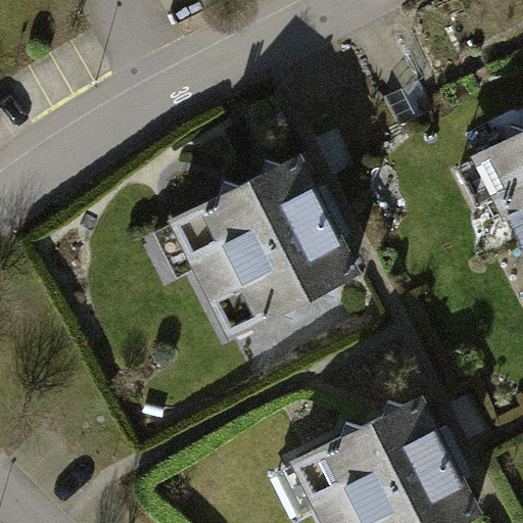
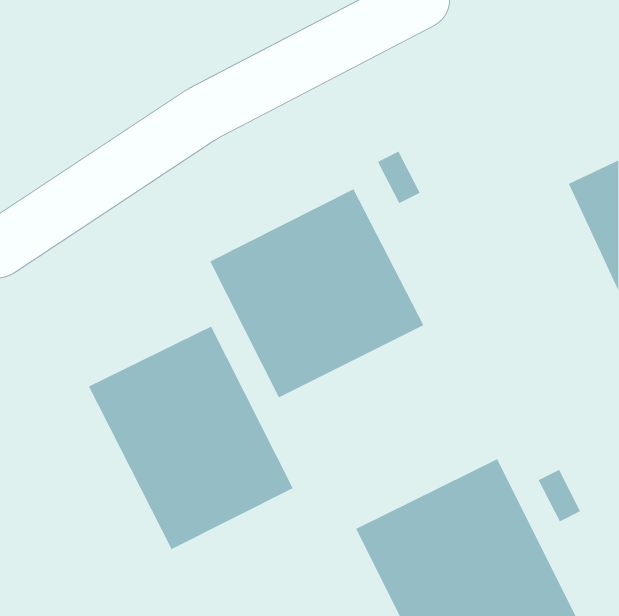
building: none -> [88,325,294,550]

